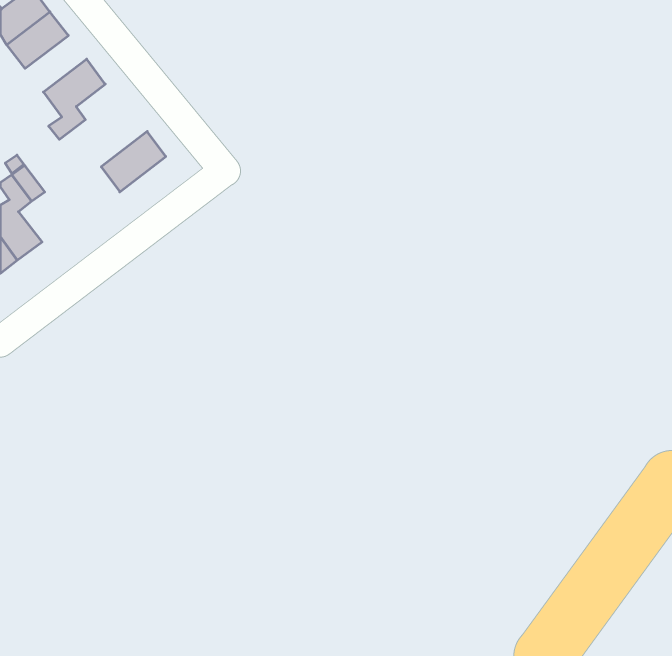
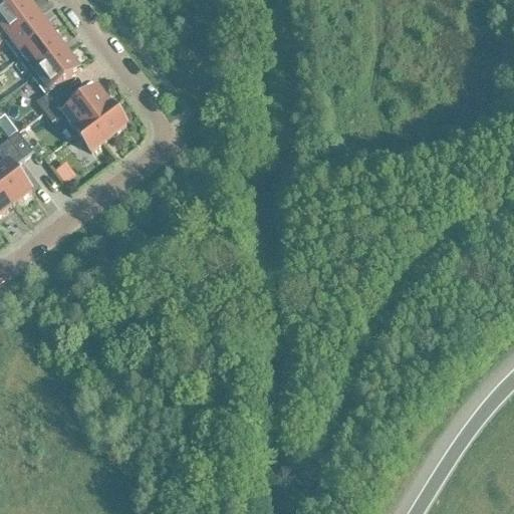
building: none -> [19,27,66,70]
building: none -> [45,82,112,127]

